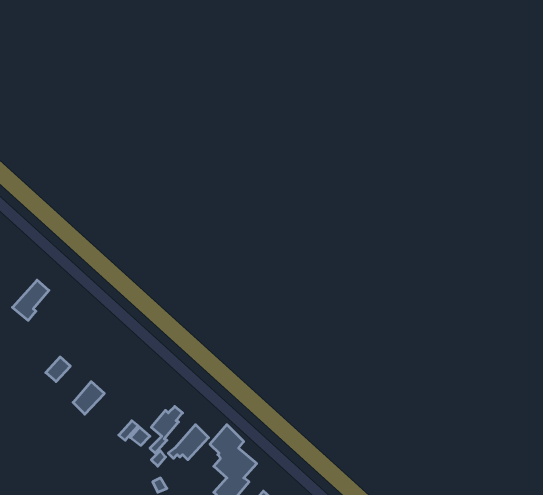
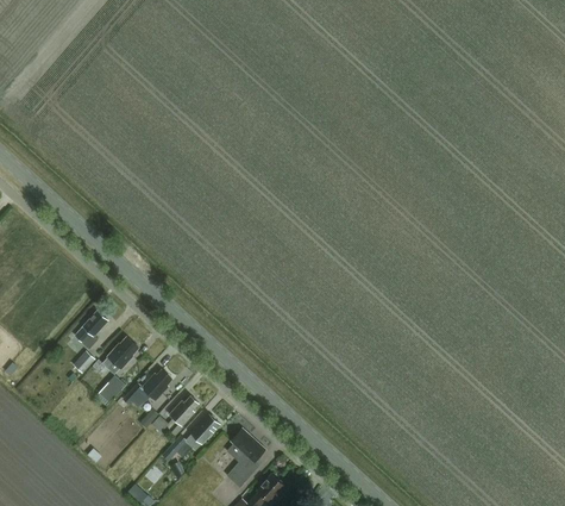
building: [12,280,49,320] -> [76,311,109,348]
building: none -> [103,337,139,368]
building: none -> [125,368,172,406]

